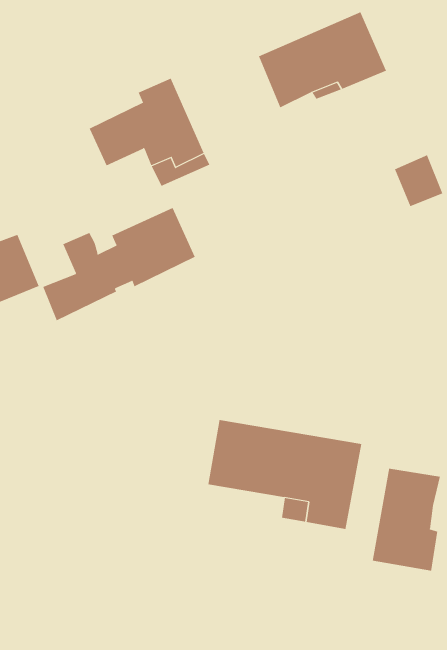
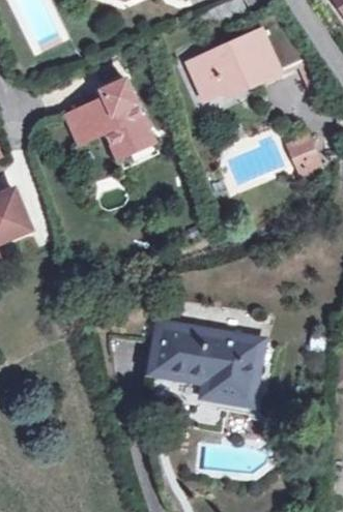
building: [43,207,196,321] -> none
building: [372,468,440,572] -> none

